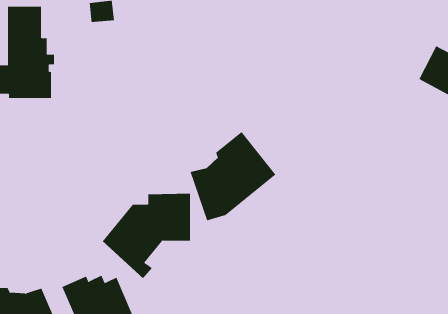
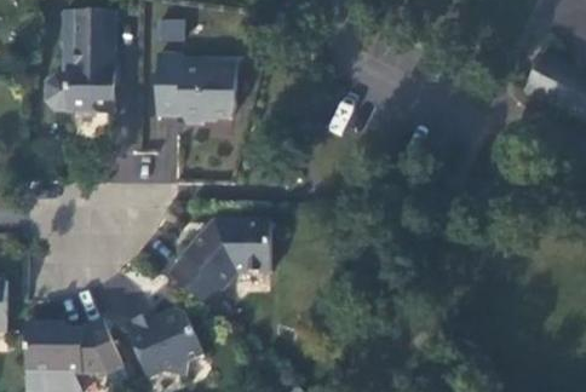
building: none -> [155,53,237,122]
building: [190,131,276,221] -> none

